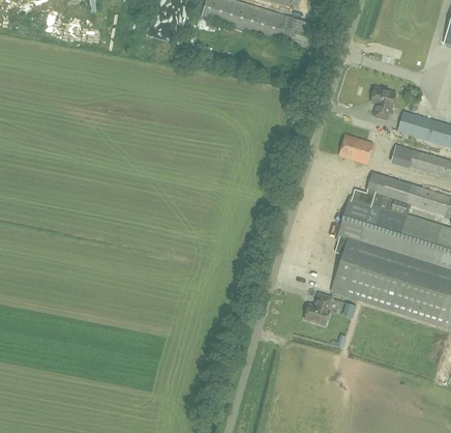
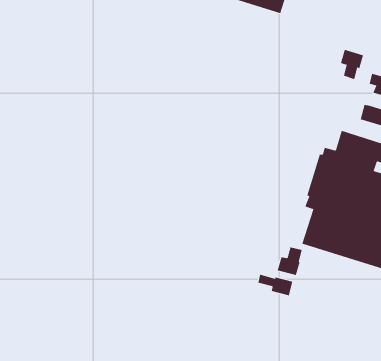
building: [339,134,374,164] -> none
building: none -> [258,274,293,296]

